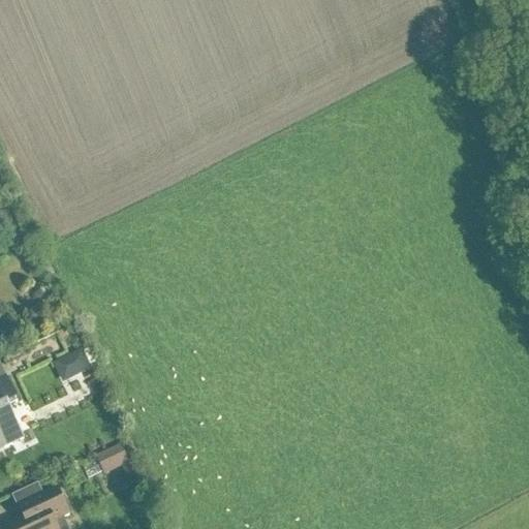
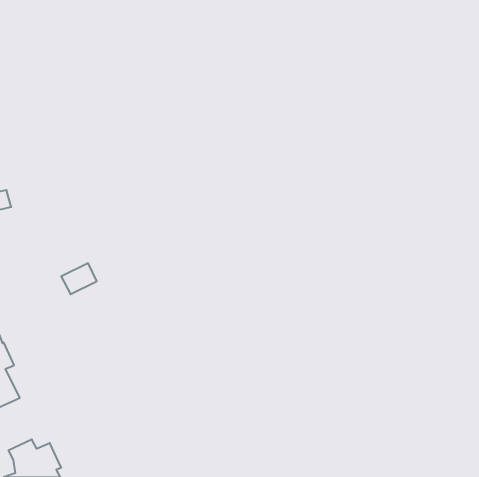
building: [51,348,90,382] -> [61,263,97,294]
building: [93,444,127,473] -> none

